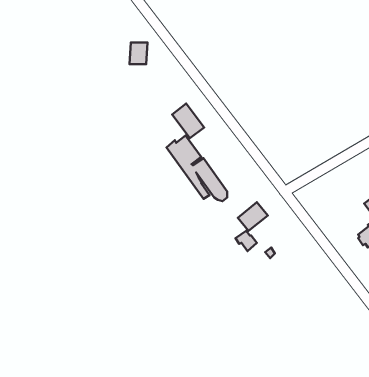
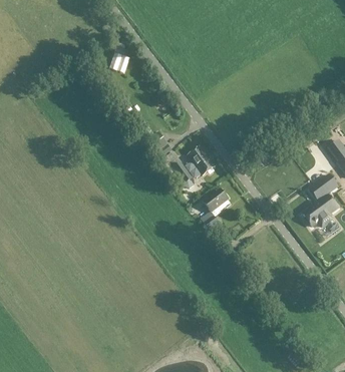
building: [172,104,204,138] -> [189,145,216,174]

